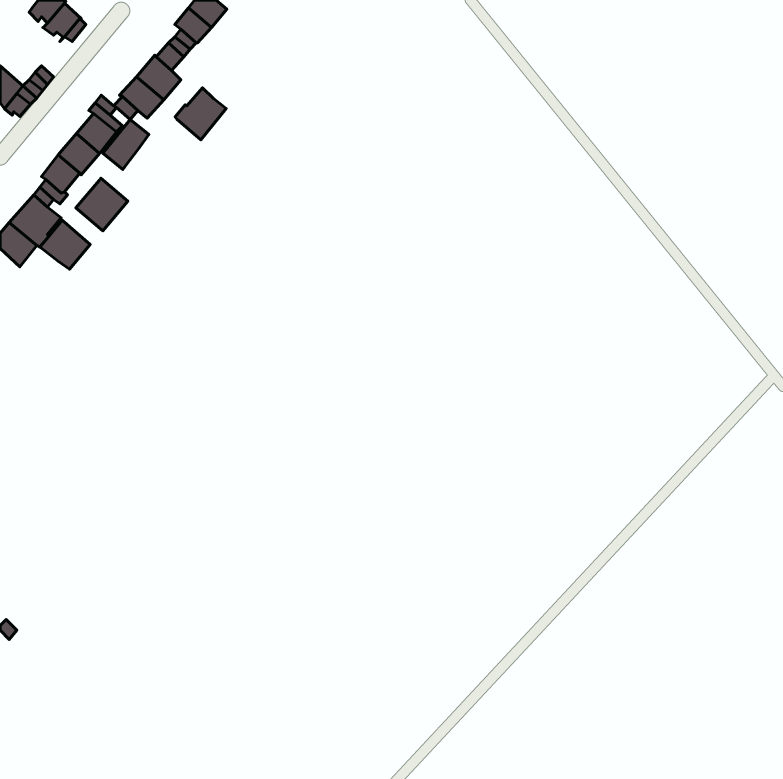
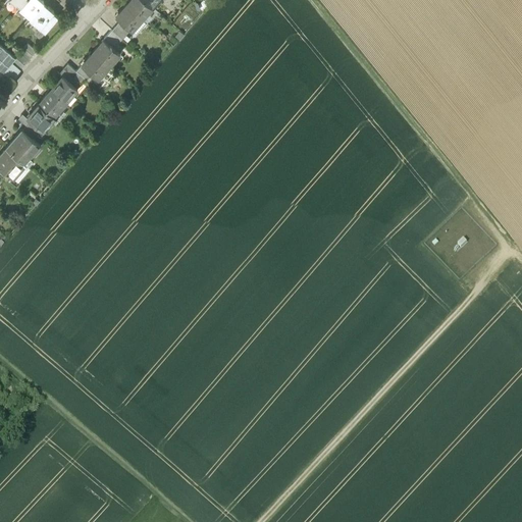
building: [175,88,226,140] -> none
building: [103,120,149,169] -> none
building: [76,178,128,231] -> none
building: [40,220,90,269] -> none

